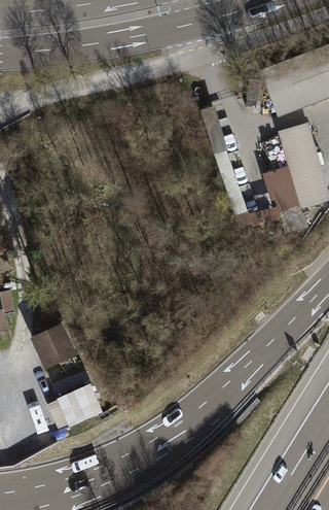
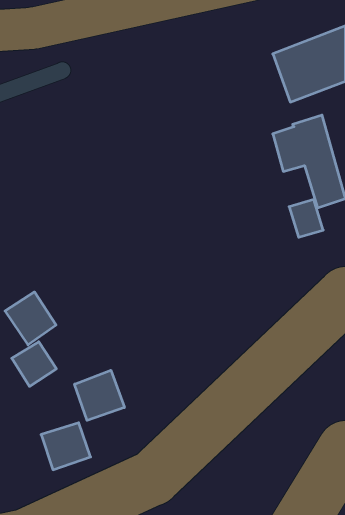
building: none -> [5,292,56,345]
building: none -> [75,370,124,420]

